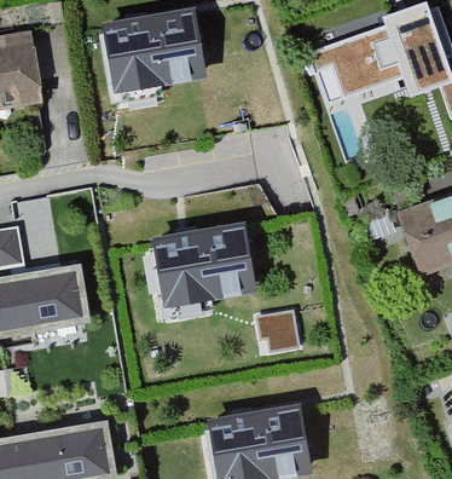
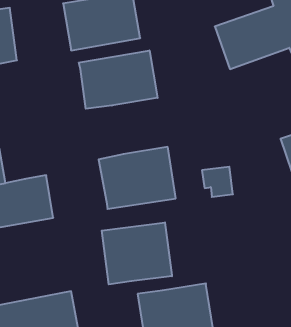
building: none -> [79,50,158,109]
building: [256,310,299,351] -> [202,167,233,197]
building: none -> [102,222,172,284]

